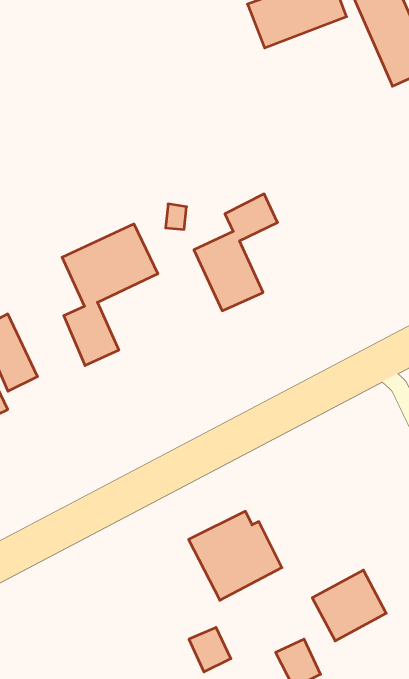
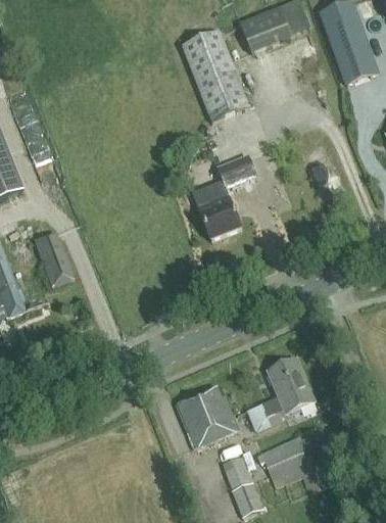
building: none -> [180,30,248,121]
building: [62,224,158,366] -> none
building: none -> [259,358,313,417]
building: [189,627,231,672] -> [221,456,250,487]

